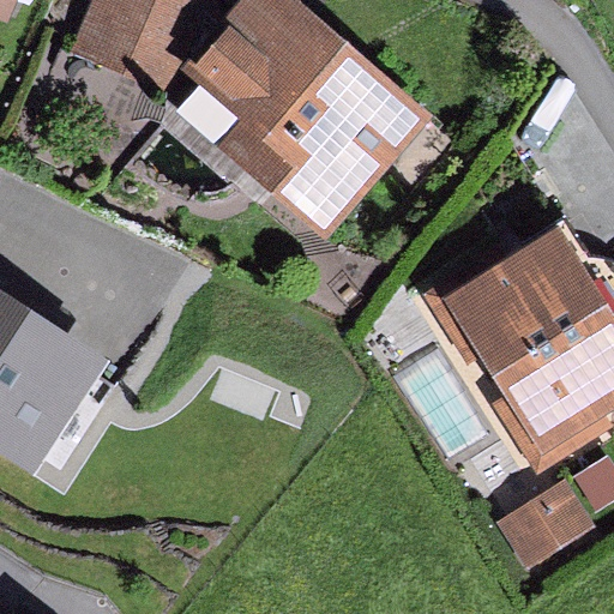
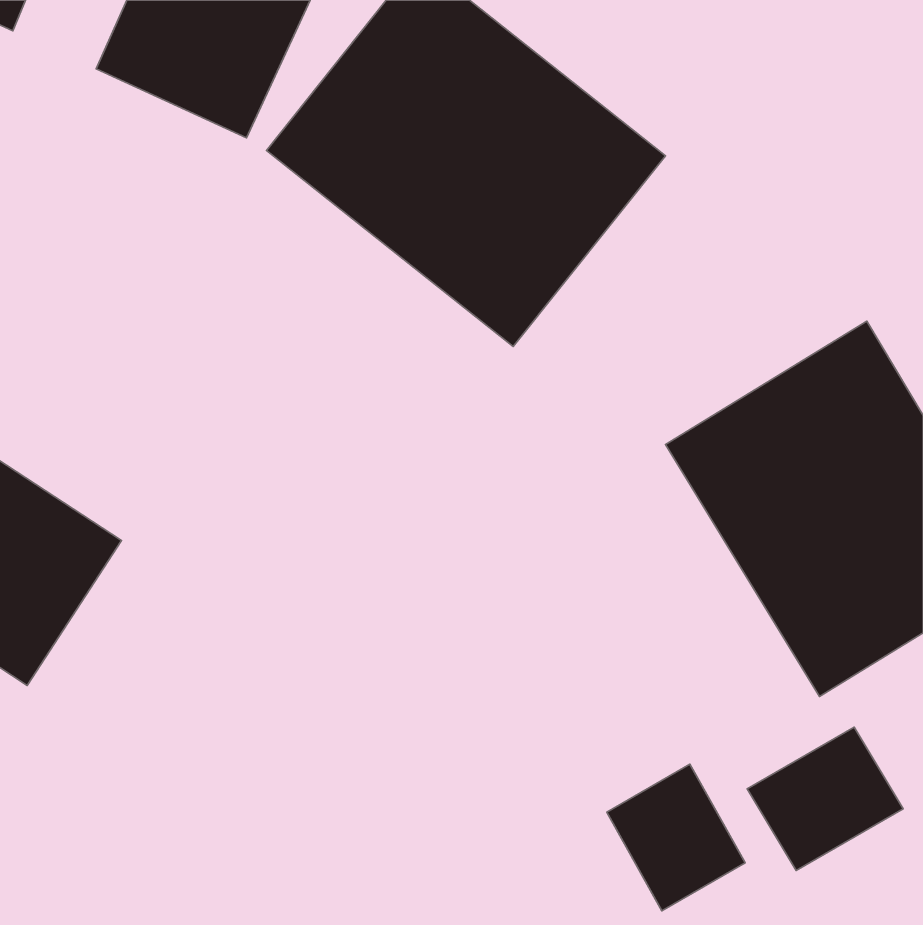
building: none -> [607,764,745,911]

